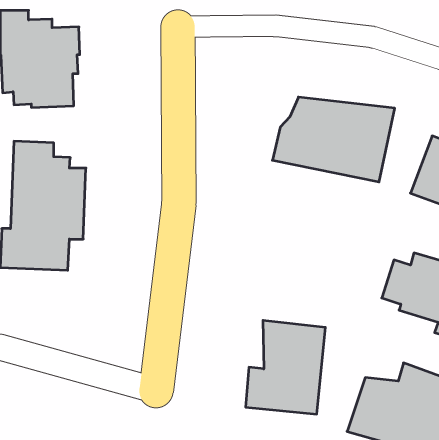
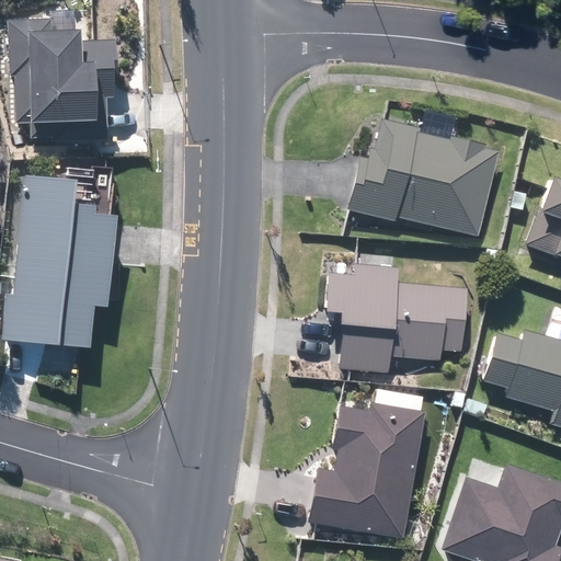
building: none -> [329,270,467,371]

